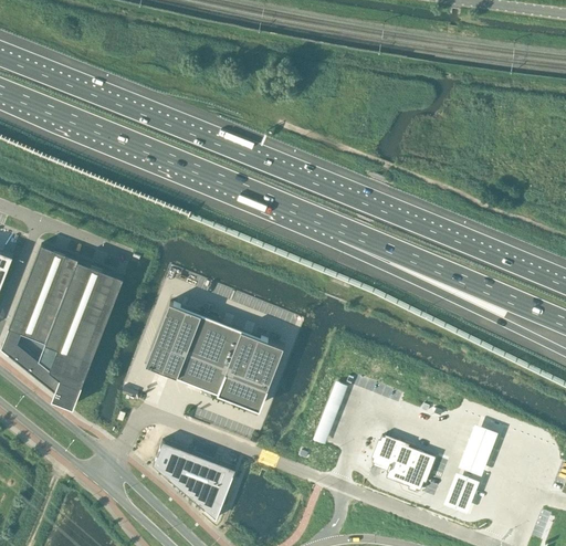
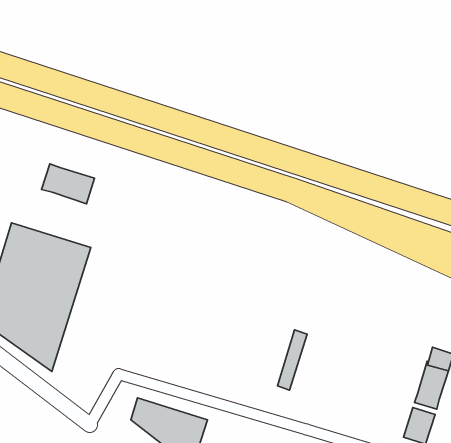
building: none -> [42,164,95,204]
building: [146,304,284,411] -> none
building: [371,438,436,493] -> none

